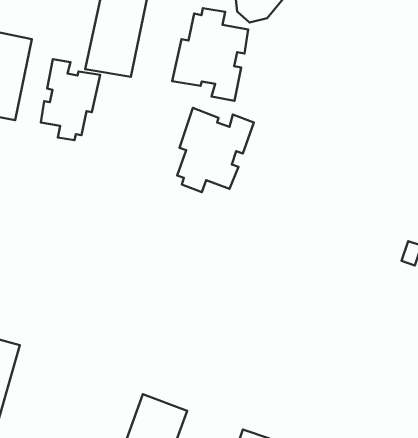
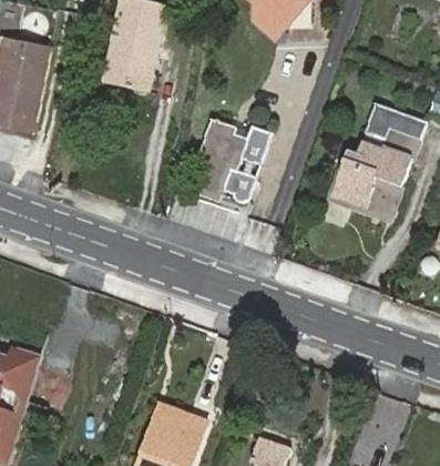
building: [172,8,248,101] -> none
building: [41,59,100,140] -> none
building: none -> [330,104,423,214]

